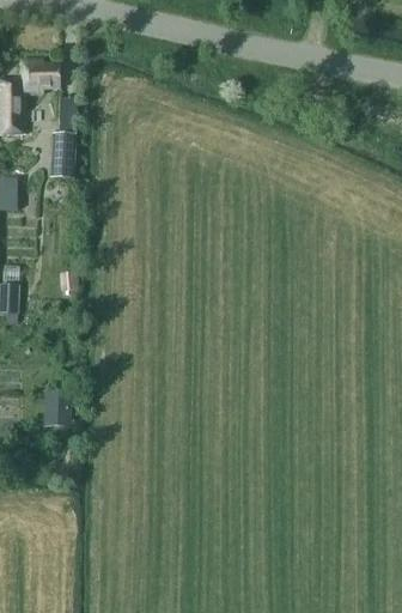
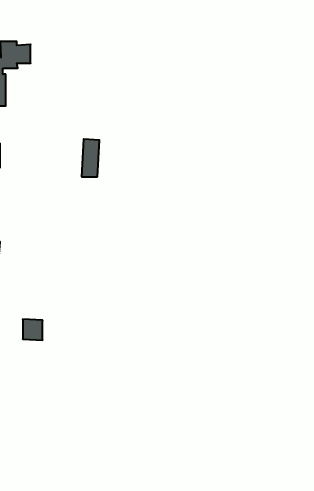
building: [54,132,75,177] -> [82,139,99,177]

